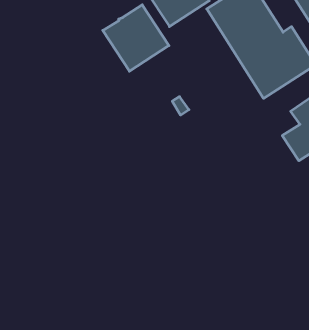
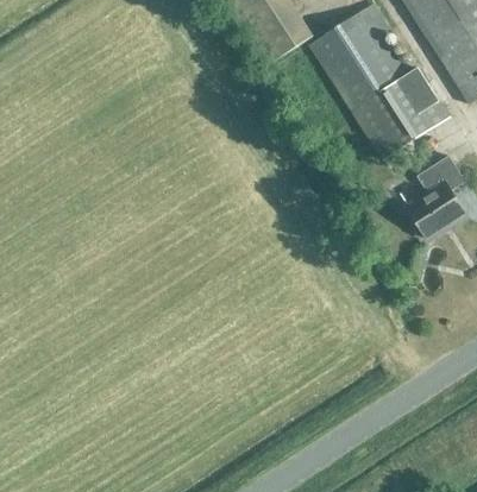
building: [103,5,169,71] -> none

